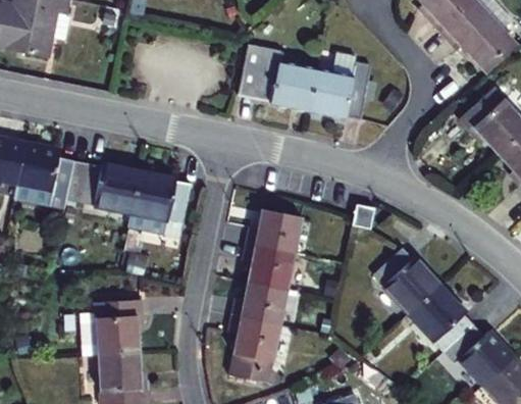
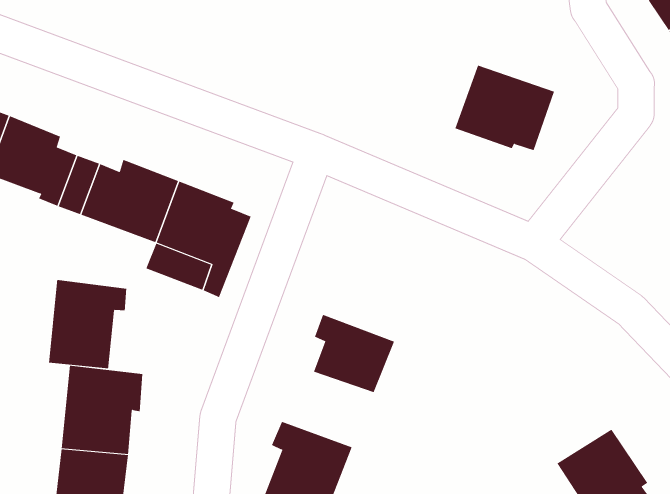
building: [242,45,320,111] -> none
building: [247,207,304,253] -> none
building: none -> [48,279,127,369]
building: [375,249,442,314] -> none
building: [231,281,288,324] -> none

